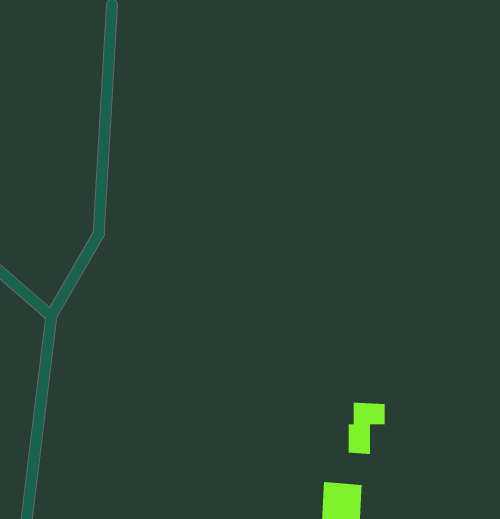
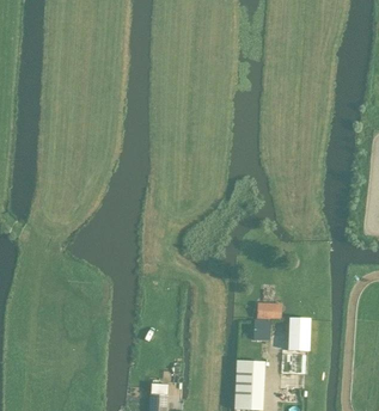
building: none -> [288,318,310,350]

